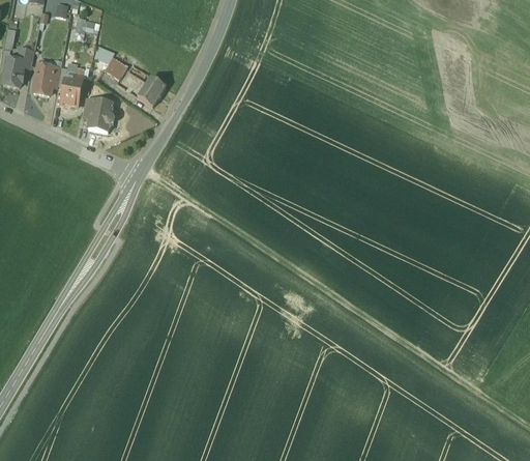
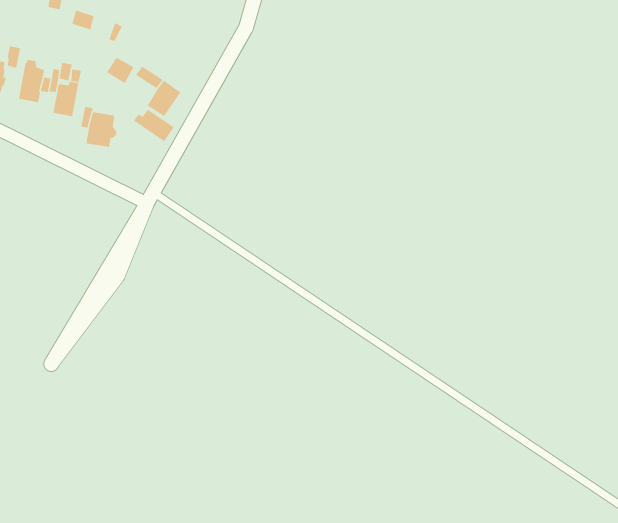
building: none -> [133,106,174,142]

